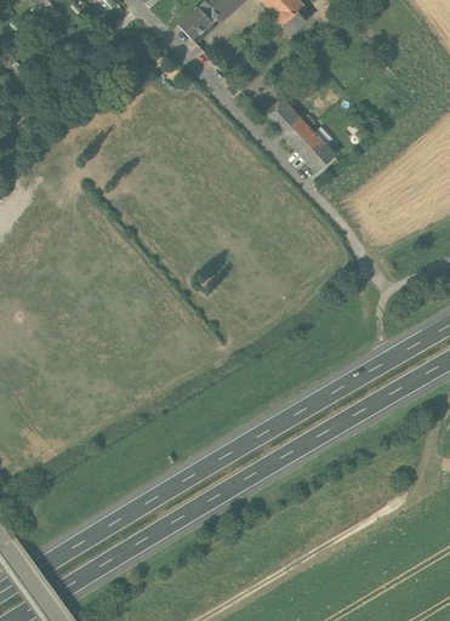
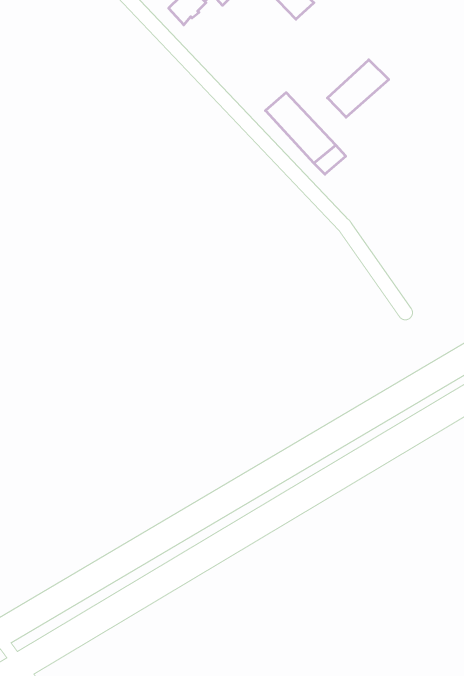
building: none -> [327,60,389,117]

